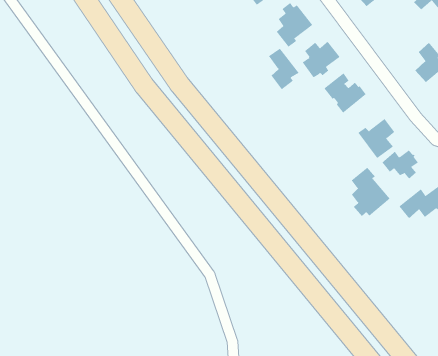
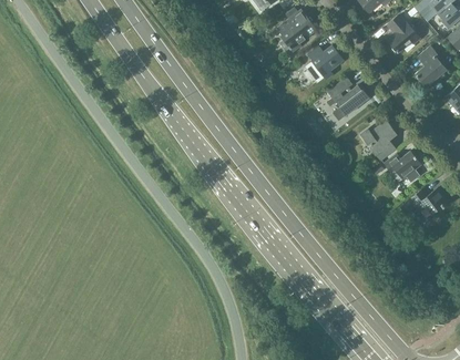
building: none -> [387,16,420,52]
building: [268,48,299,90] -> none
building: [351,167,391,217] -> none

